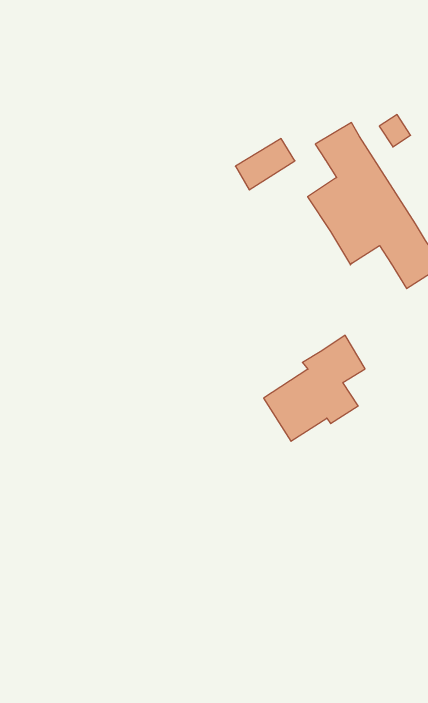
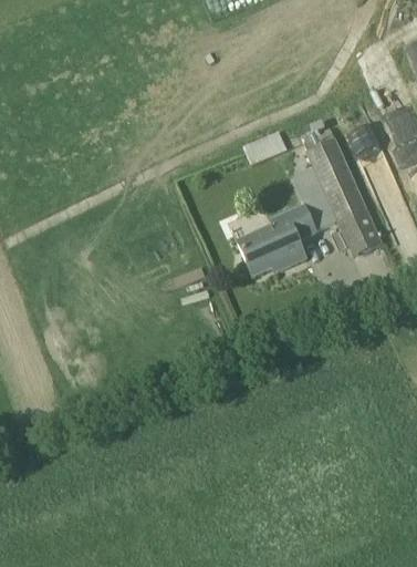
building: [264,335,365,441] -> [237,204,314,276]

